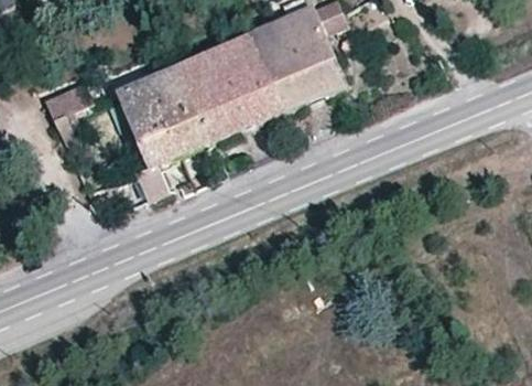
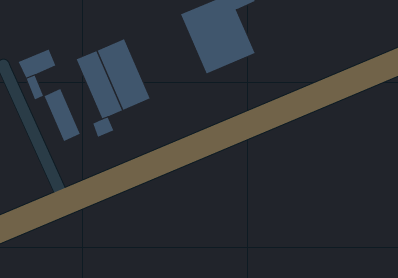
building: [177,34,281,141] -> none
building: none -> [44,88,81,142]

